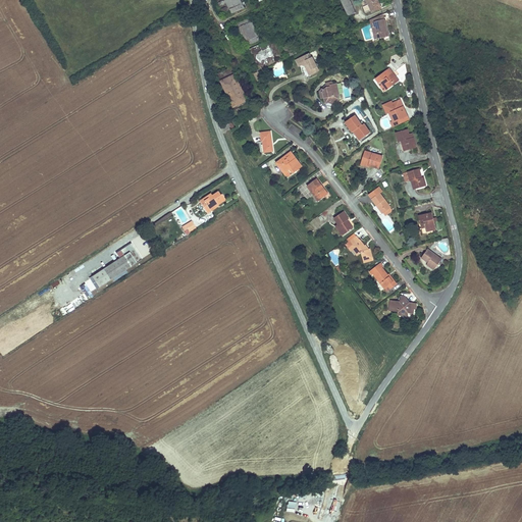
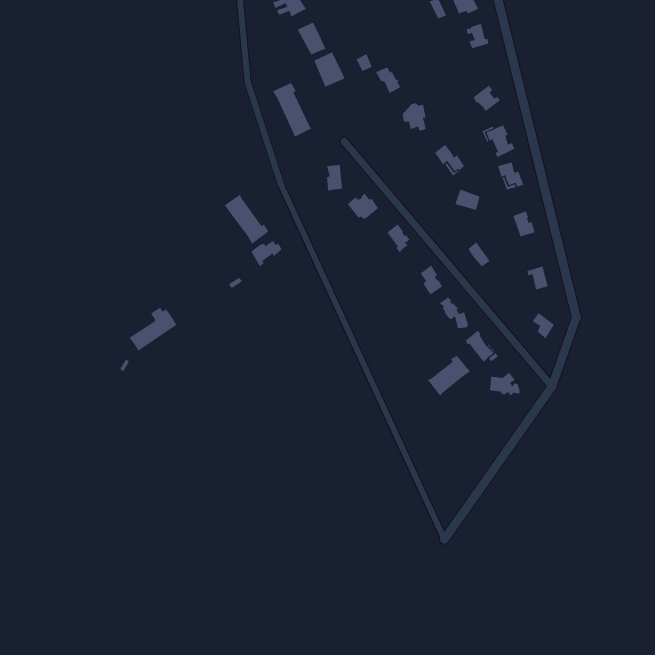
building: none -> [224,194,269,244]
building: none -> [427,355,471,396]

